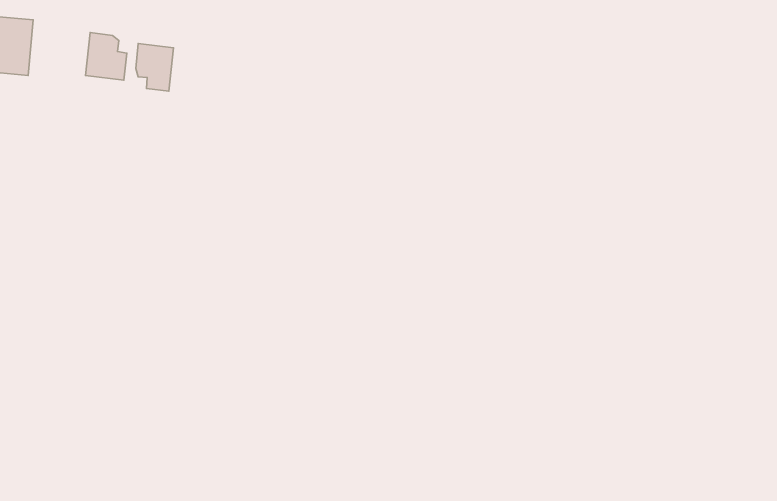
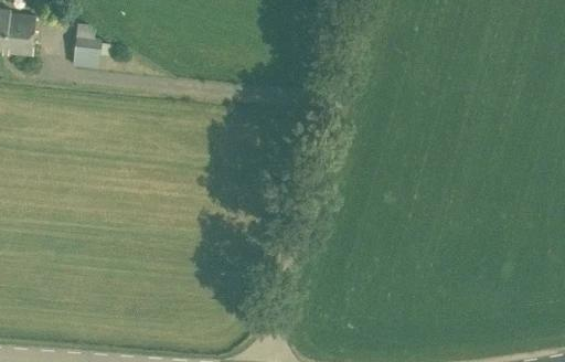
building: [136,43,174,91] -> none

